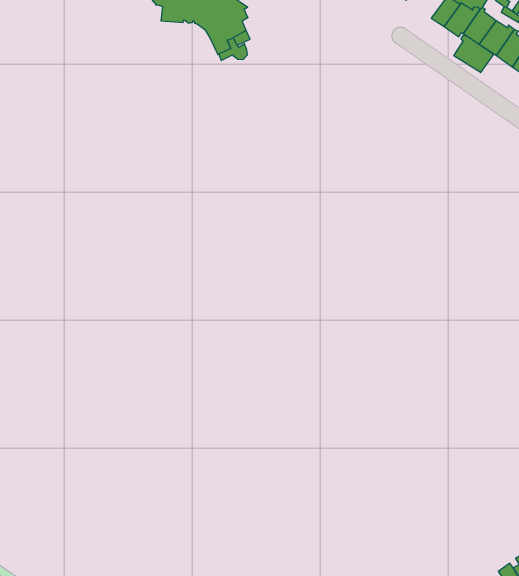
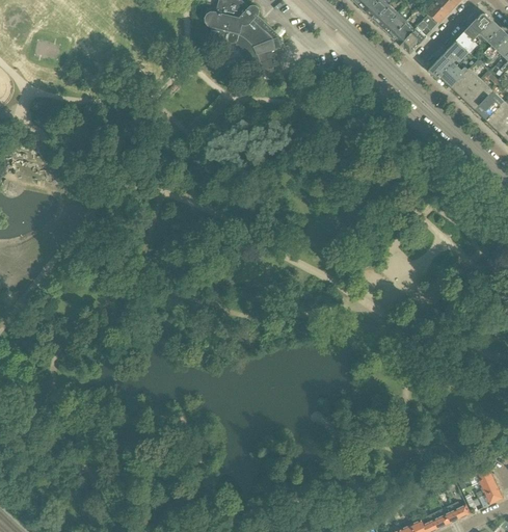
building: [454,35,494,73] -> none

